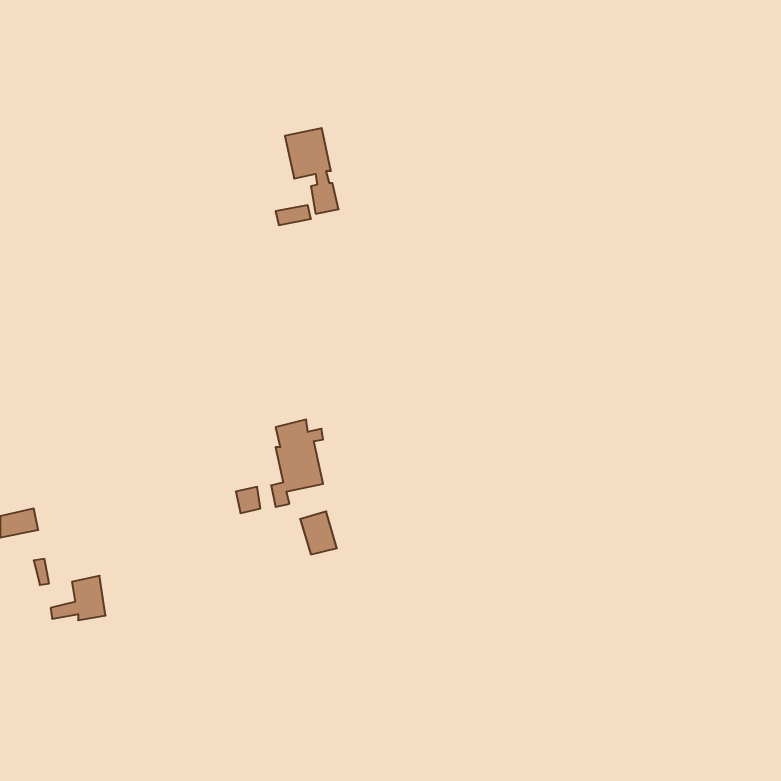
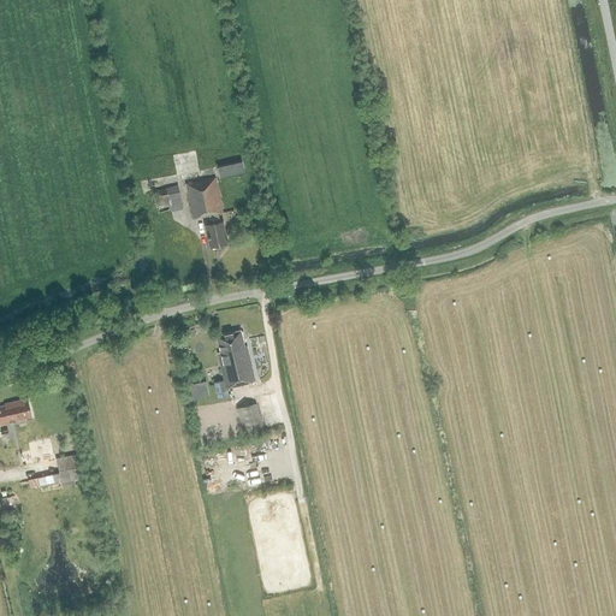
building: [285,128,339,214] -> [186,178,229,245]
building: none -> [154,185,183,211]

